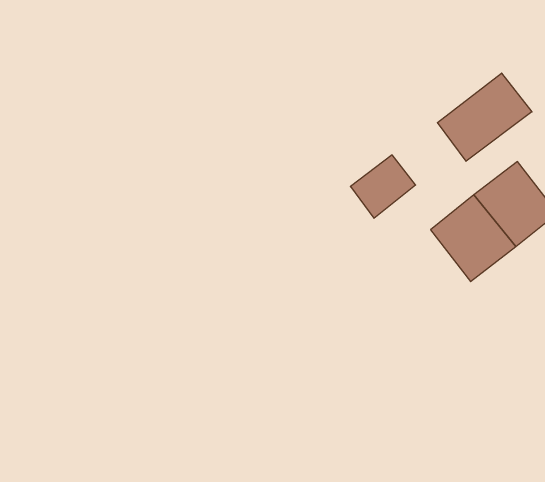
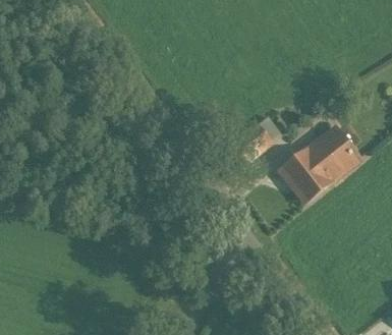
building: [437,73,532,161] -> none

